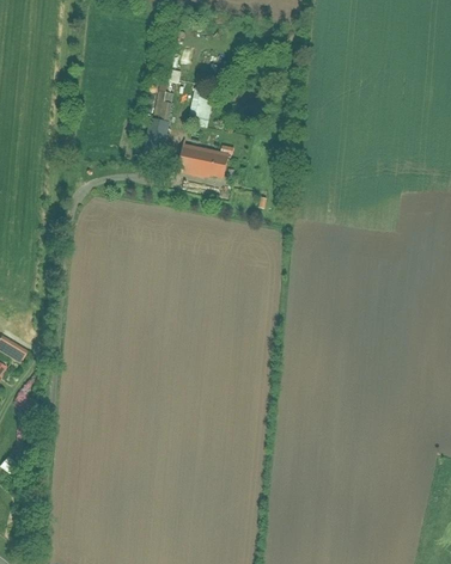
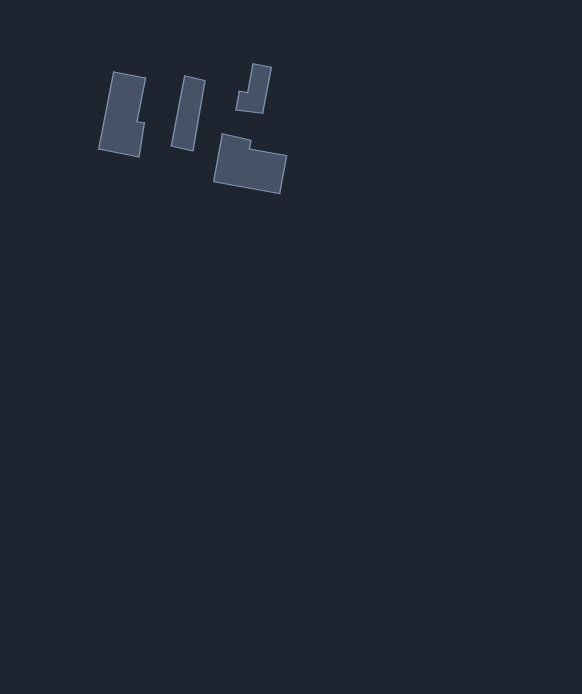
building: none -> [99,72,145,157]

